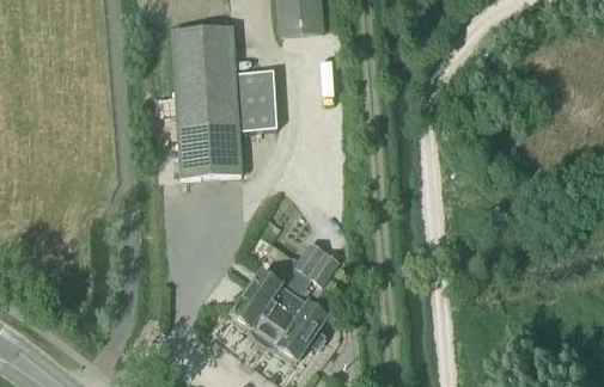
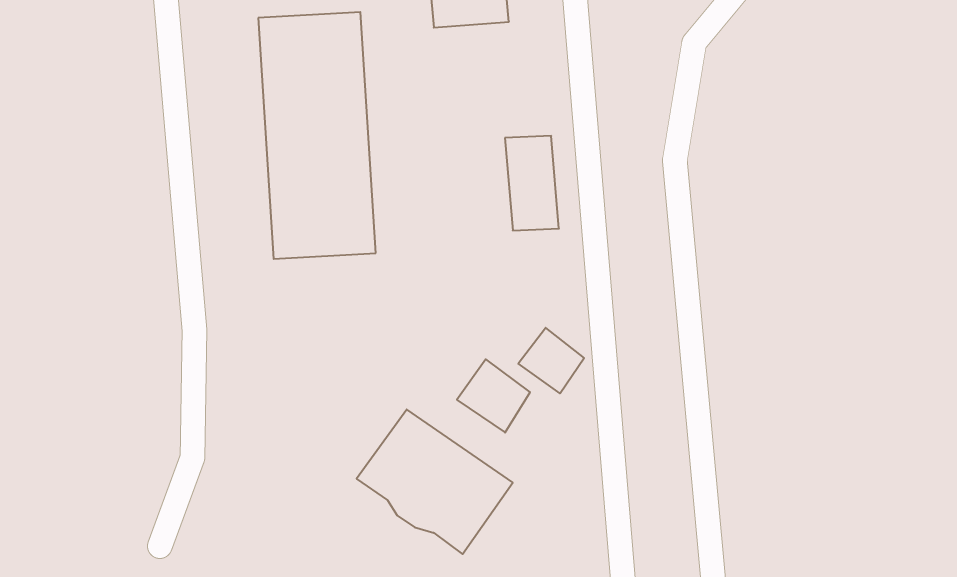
building: [240,68,274,127] -> [505,136,559,230]
building: none -> [518,328,584,393]

